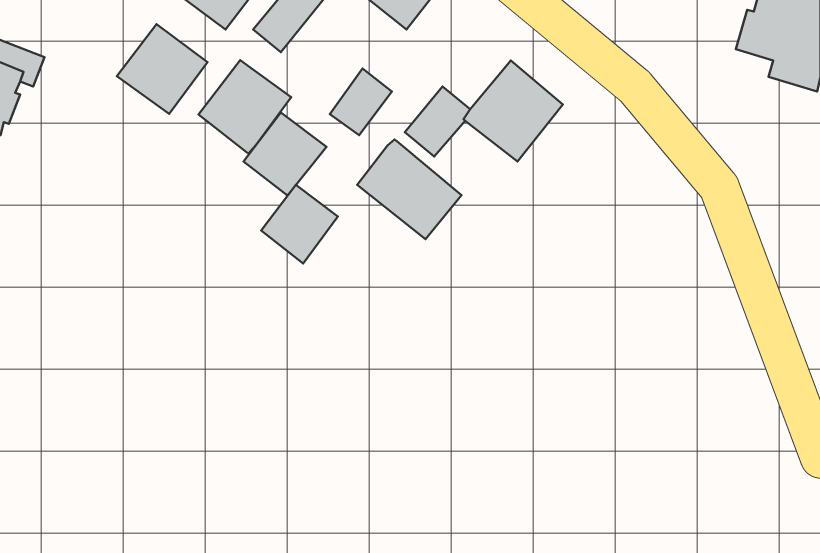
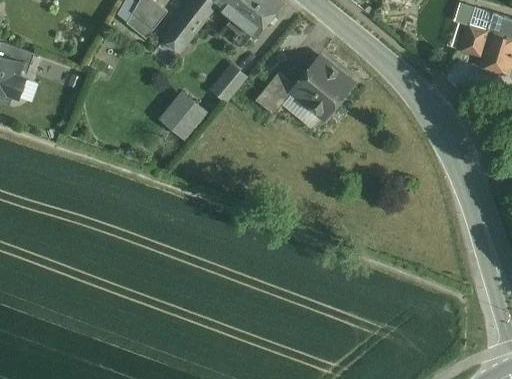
building: [117,24,207,114] -> none
building: [199,60,291,153] -> none
building: [357,139,462,239] -> none
building: [261,185,338,264] -> none

